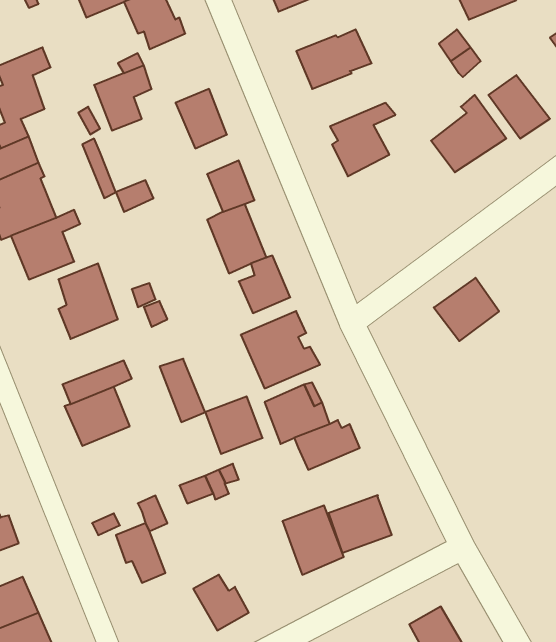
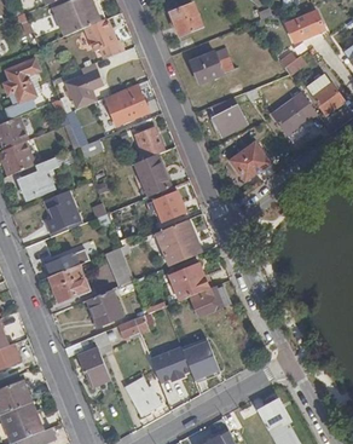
building: [434,278,499,341] -> [228,143,268,181]
building: [205,396,263,454] -> [86,290,121,325]
building: [328,495,392,553] -> [150,346,189,381]

